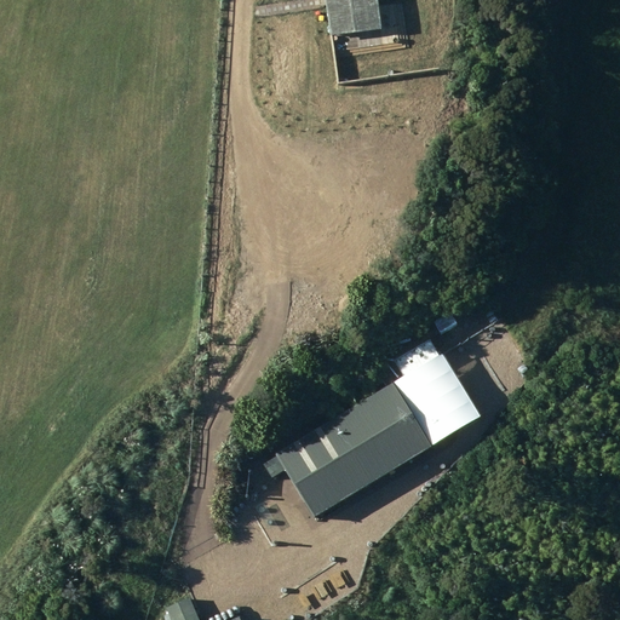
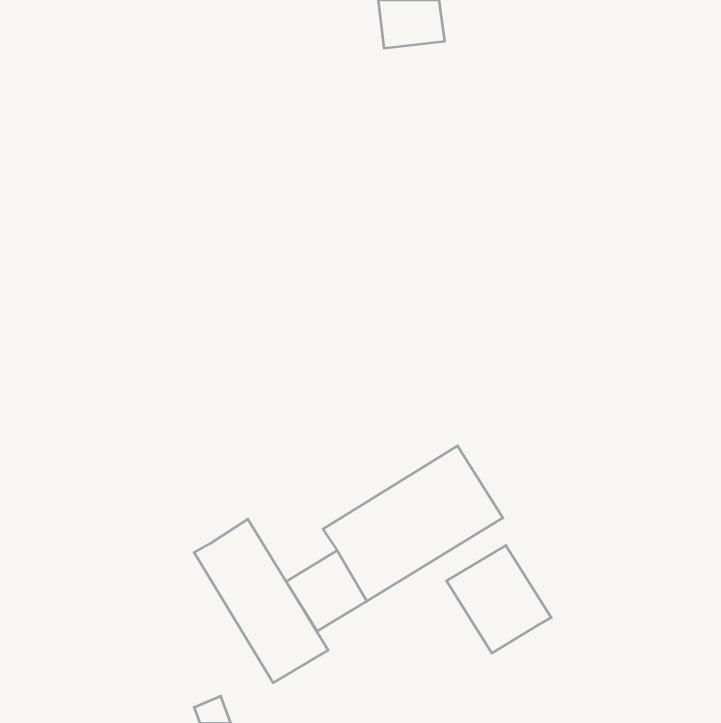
building: [394,351,483,443] -> [446,545,551,653]
building: none -> [194,519,328,683]

